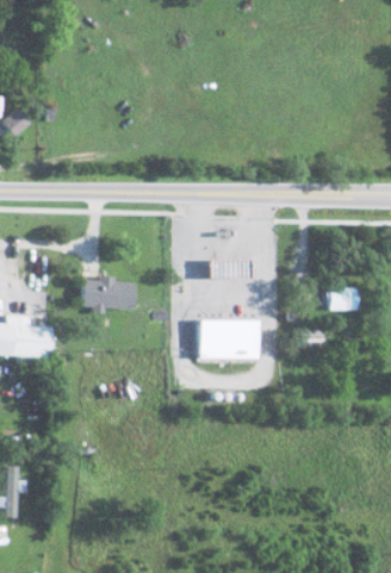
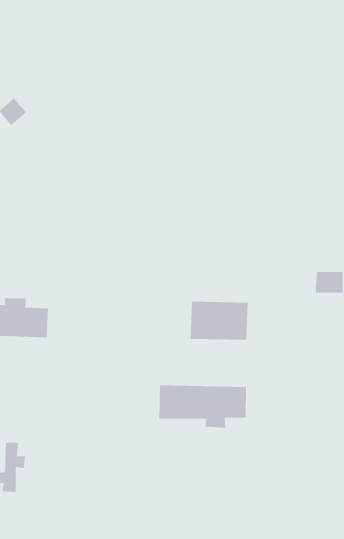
building: [82,275,136,313] -> none
building: none -> [159,385,247,428]

